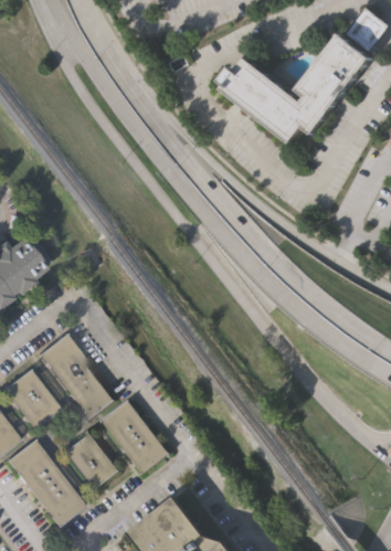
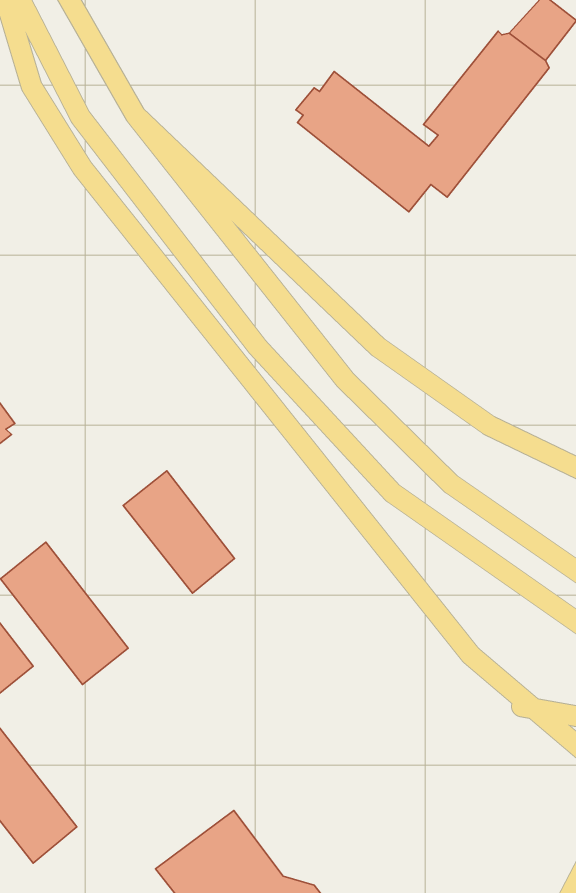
building: [102,401,169,475] -> [123,471,234,593]
building: [62,432,119,492] -> none

